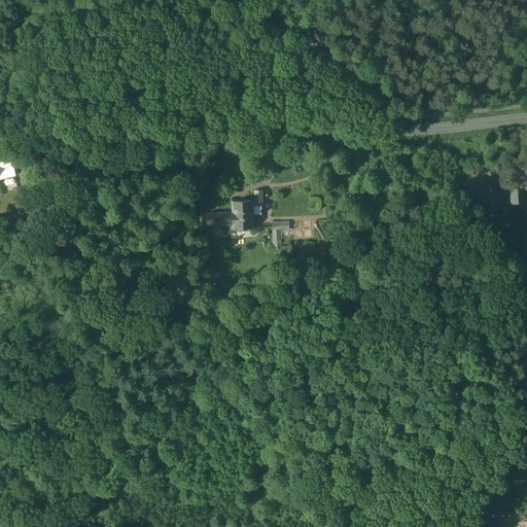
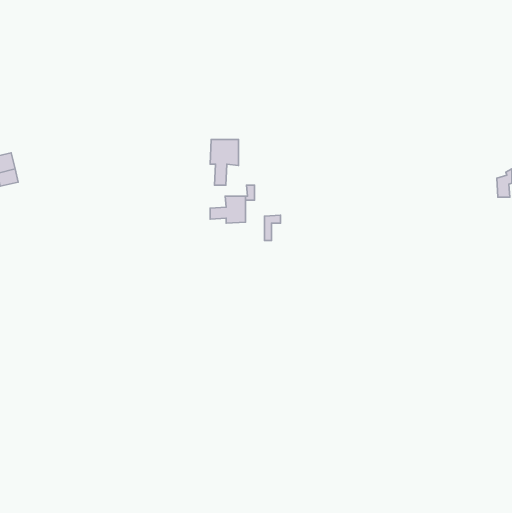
building: none -> [210,140,238,185]

